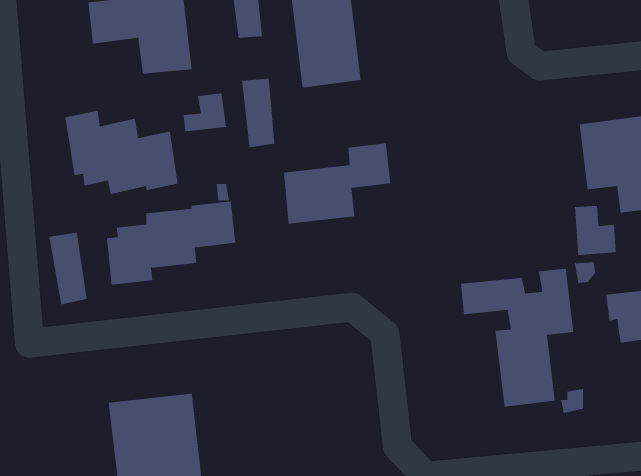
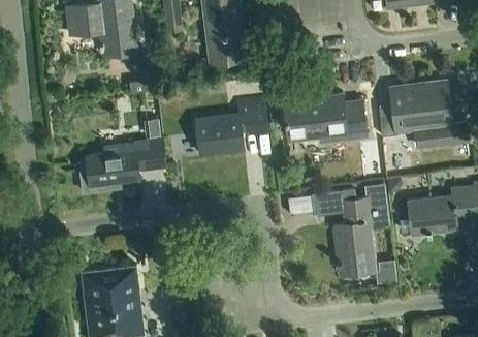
building: [241,78,275,148] -> none
building: [65,110,178,195] -> none
building: none -> [283,93,367,143]
building: [49,232,87,305] -> none

